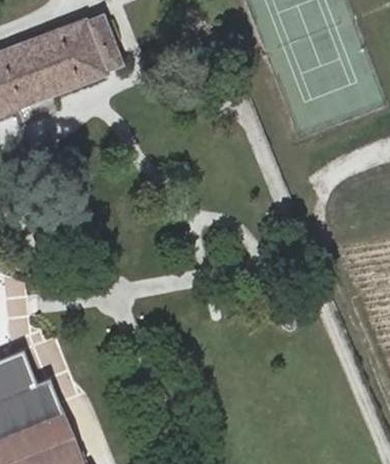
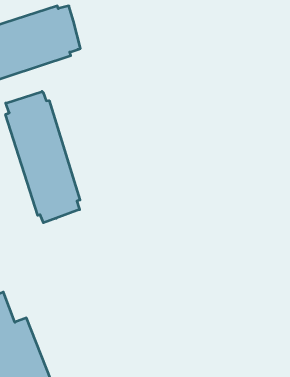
building: none -> [6,91,80,223]

